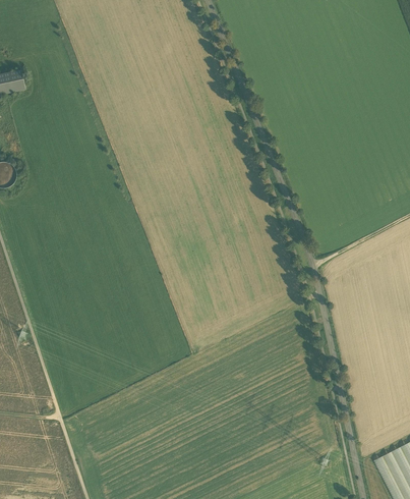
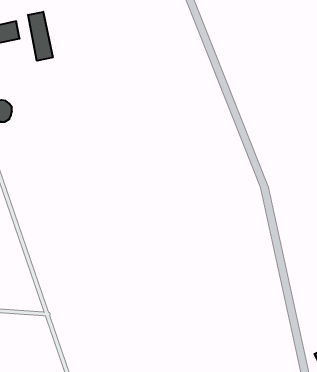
building: none -> [28,12,53,61]

